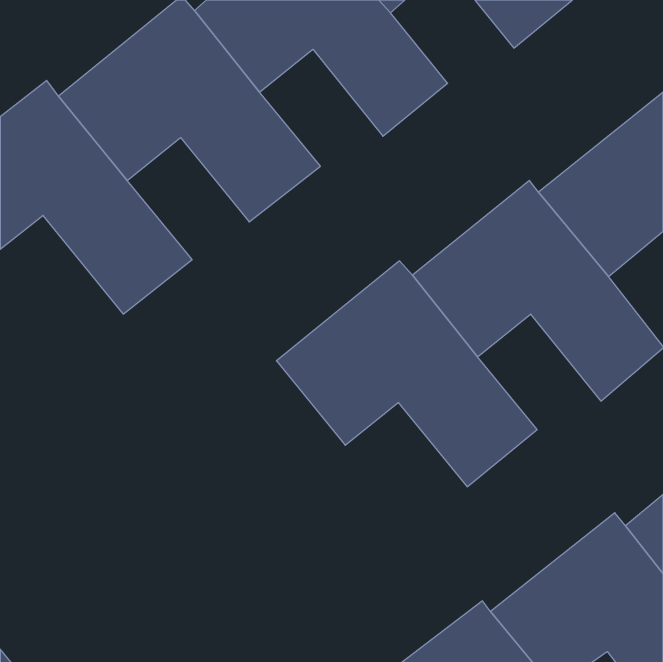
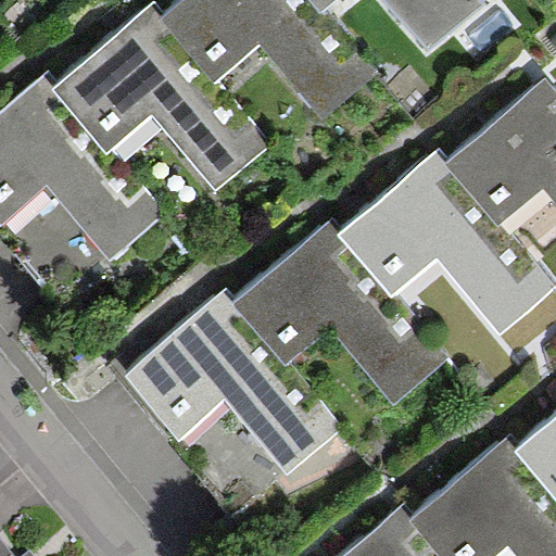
building: none -> [121,290,342,485]

